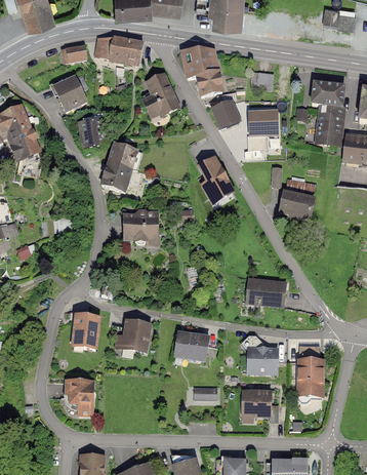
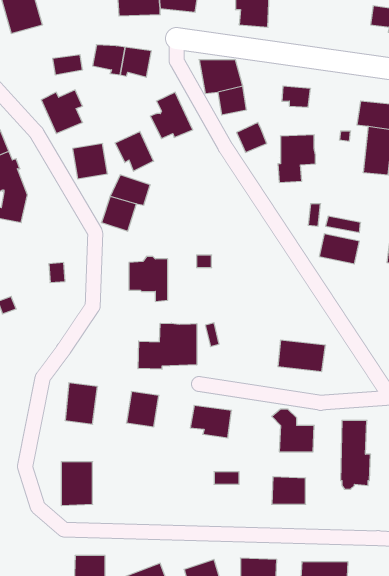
building: none -> [115,131,154,171]
building: [199,156,233,197] -> none
building: none -> [138,323,197,369]

